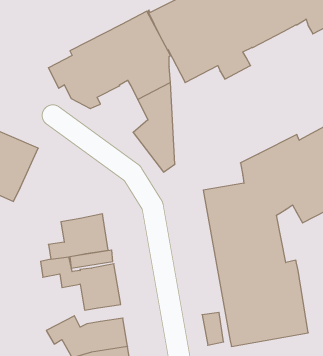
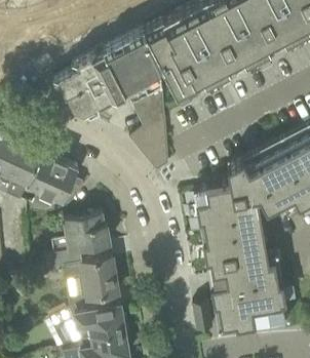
building: none -> [28,153,84,212]

